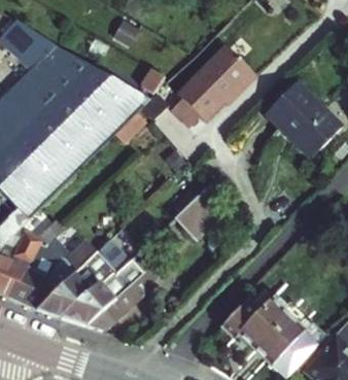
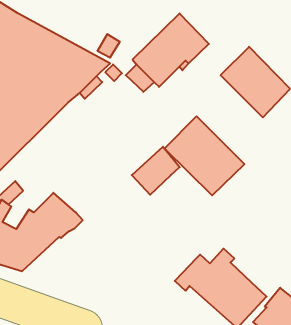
building: none -> [164,116,244,195]
building: [59,257,151,329] -> none

